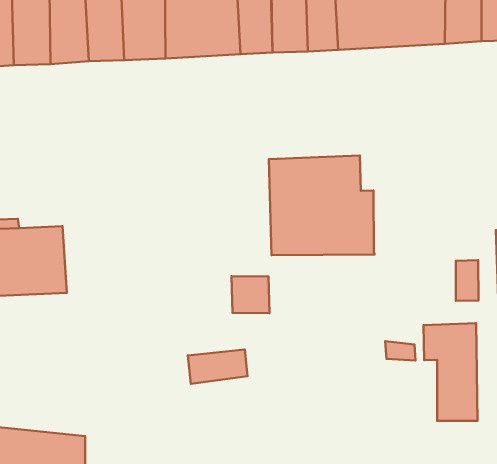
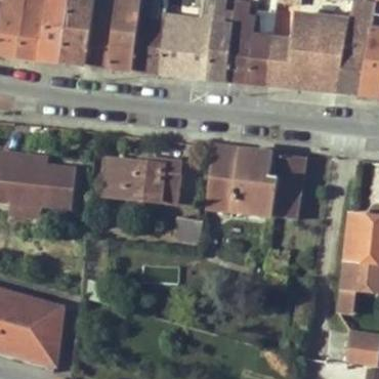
building: none -> [104,160,181,205]
building: [423,323,477,421] -> [268,154,305,220]

